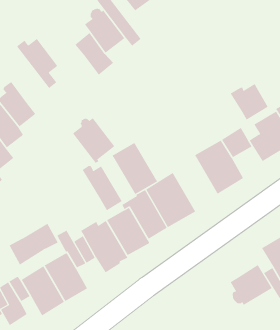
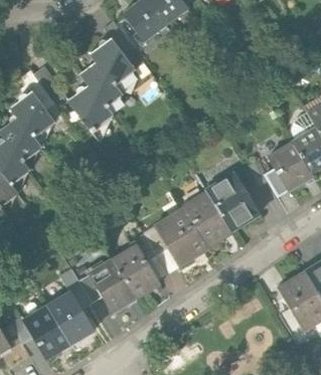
building: none -> [10,91,53,137]
building: [230,83,269,120] -> none
building: [72,117,115,163] -> [67,85,113,134]
building: [112,142,158,195] -> [183,192,231,247]
building: [82,165,123,211] -> none
building: [9,223,59,265] -> none
building: [230,264,272,306] -> none

